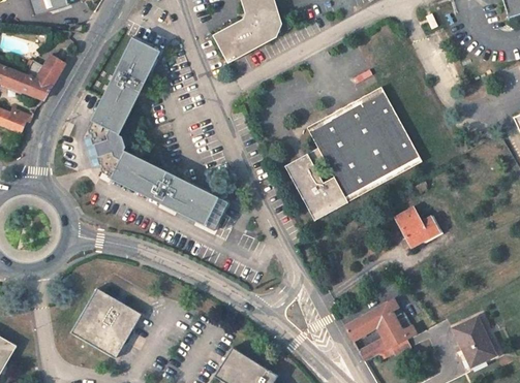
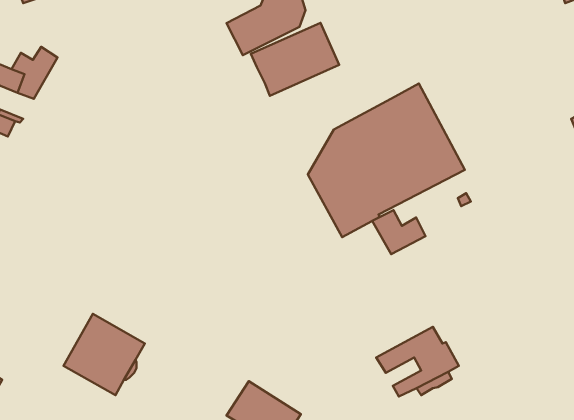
building: none -> [251,23,339,96]
building: [88,38,227,231] -> none
building: [395,209,441,247] -> [372,210,425,254]
building: [454,317,494,365] -> none

